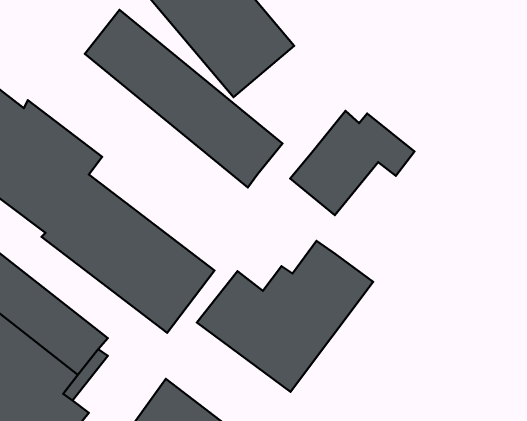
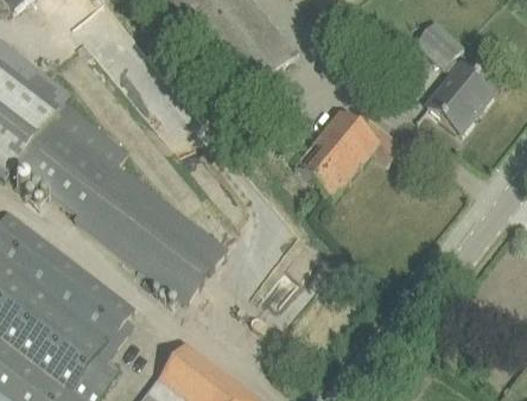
building: [85,10,282,188] -> none
building: none -> [414,20,494,132]
building: [197,241,373,392] -> none

